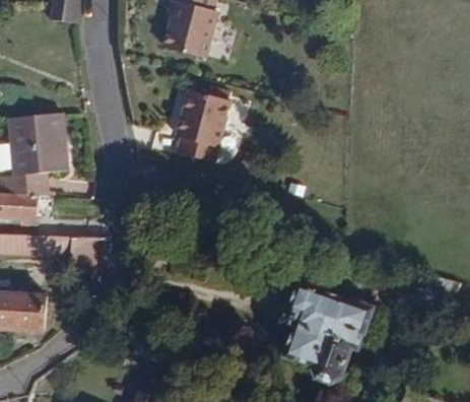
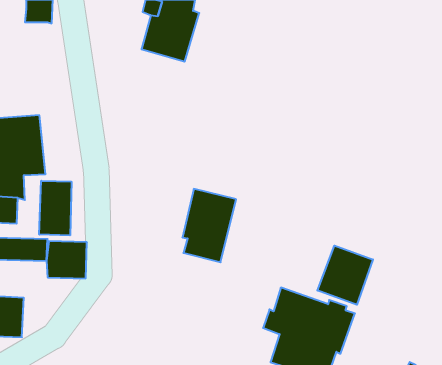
building: [175,89,227,161] -> [182,189,236,262]
building: none -> [39,181,71,235]
building: none -> [317,246,373,305]

